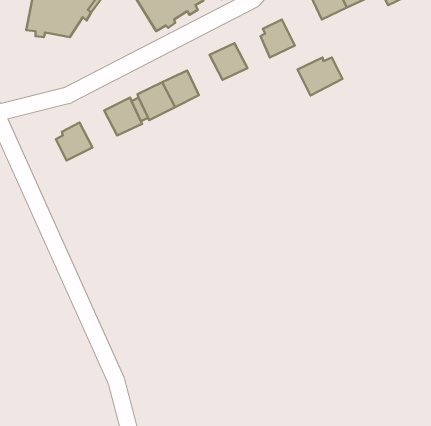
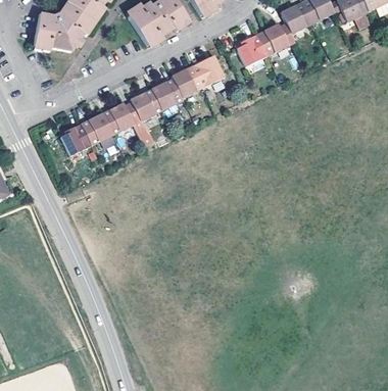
building: none -> [172,65,204,98]
building: [298,58,342,95] -> [255,25,294,57]
building: none -> [81,113,113,145]

